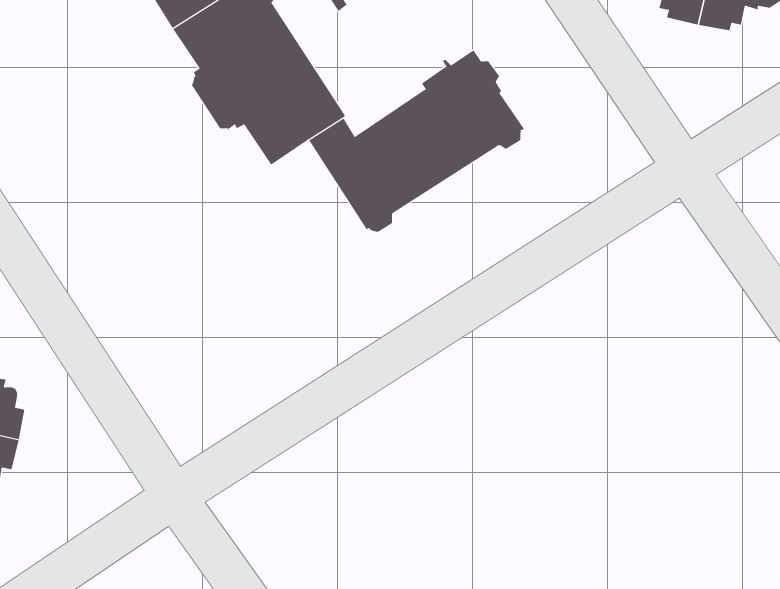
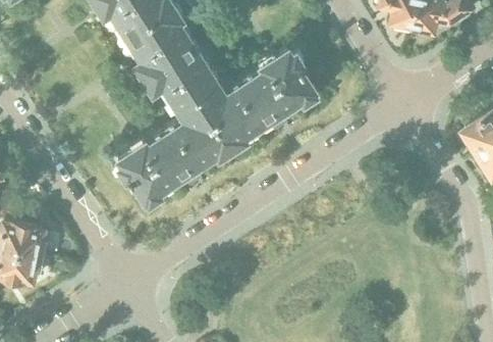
building: none -> [118,98,231,204]

